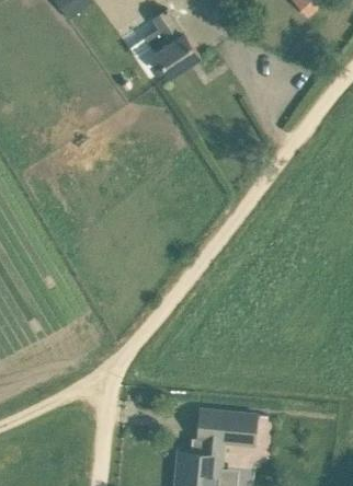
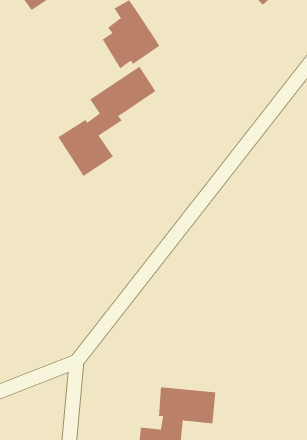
building: none -> [57,66,156,177]

